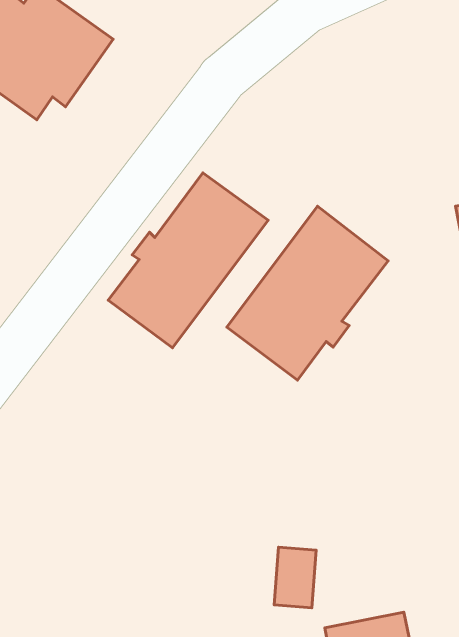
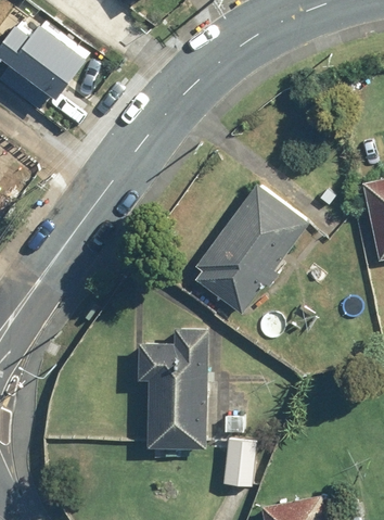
building: [108,173,268,348] -> none
building: none -> [138,324,209,446]

